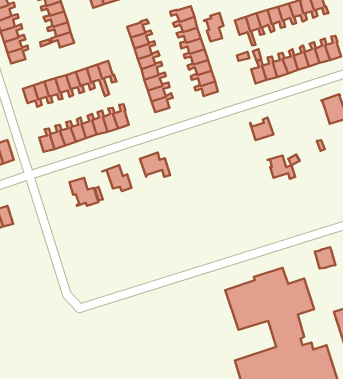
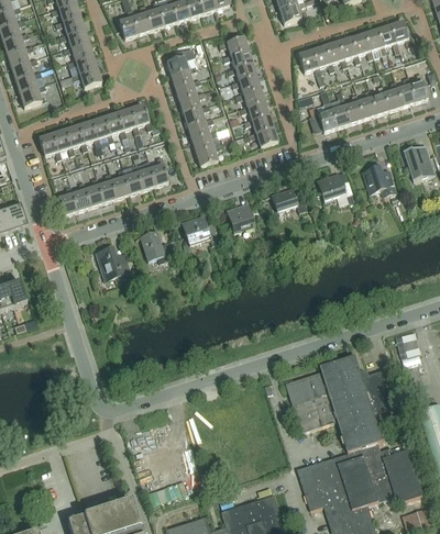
building: [204,13,224,42] -> none
building: none -> [271,188,306,212]
building: none -> [226,202,254,232]
building: [267,155,295,179] -> [362,166,396,194]

